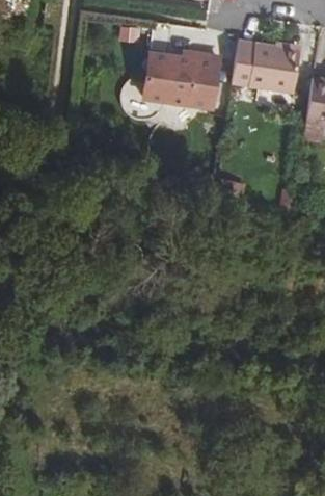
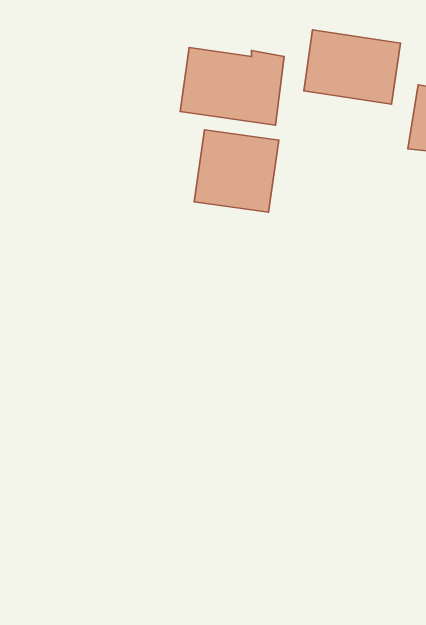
building: none -> [194,130,279,212]

